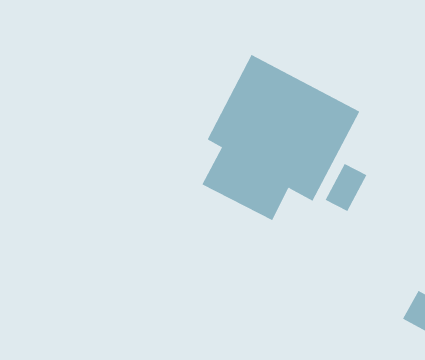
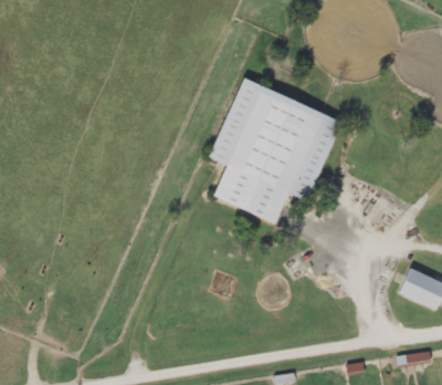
building: [325,163,367,212] -> none

